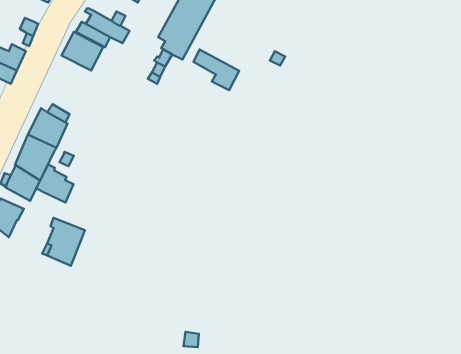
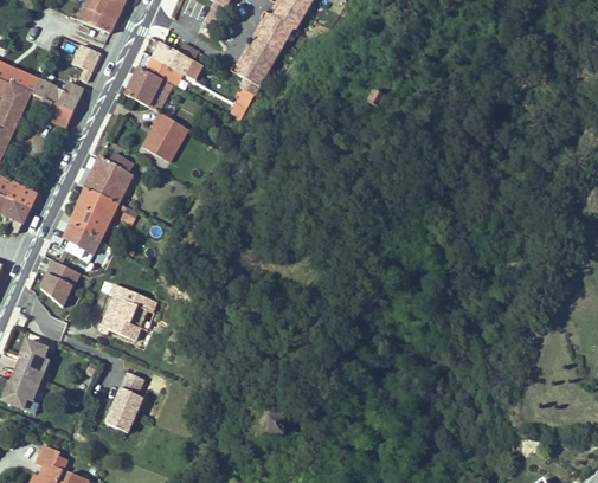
building: [194,49,239,90] -> none
building: none -> [142,111,187,161]
building: [36,164,74,203] -> none
building: none -> [107,371,144,431]

